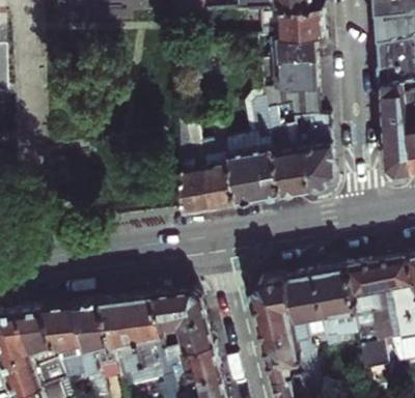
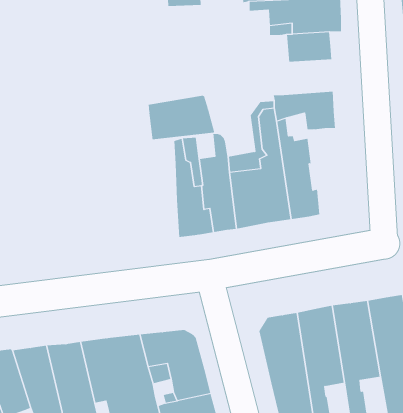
building: [272,60,316,90] -> none
building: none -> [148,95,215,140]
building: [296,118,333,193] -> none

